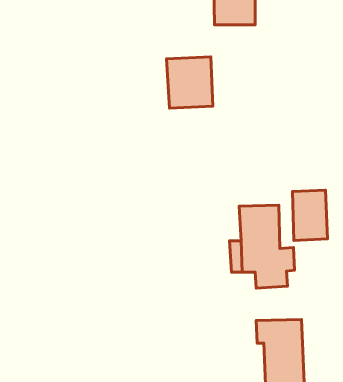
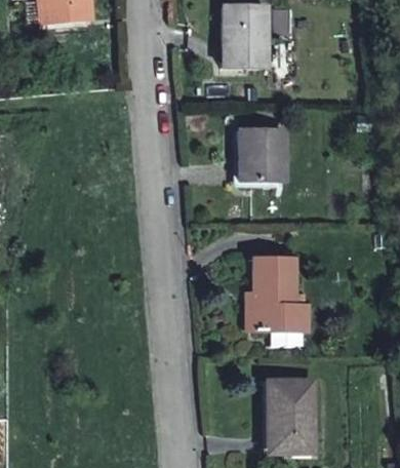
building: [167,57,213,108] -> [243,127,291,181]
building: [293,190,328,240] -> none

